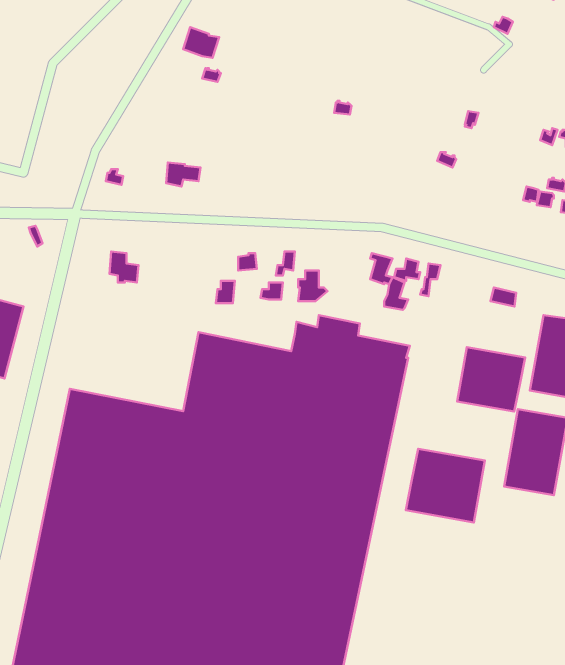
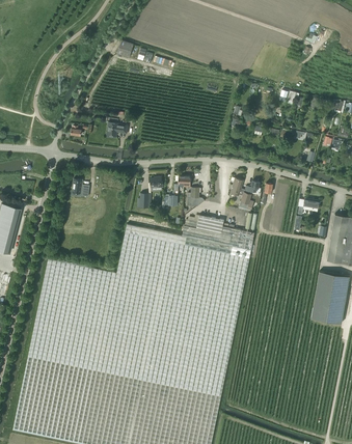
building: [457,347,525,411] -> none
building: [406,449,485,522] -> none

